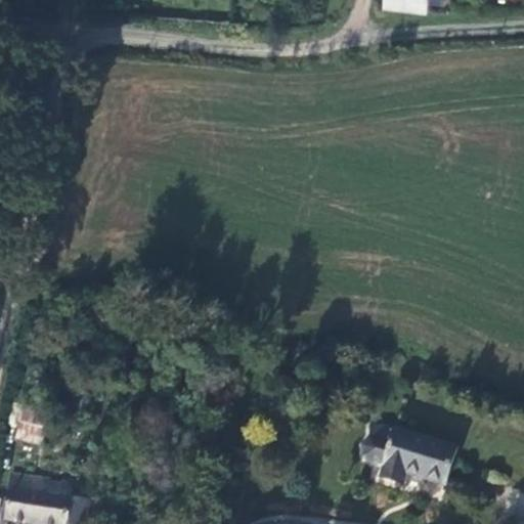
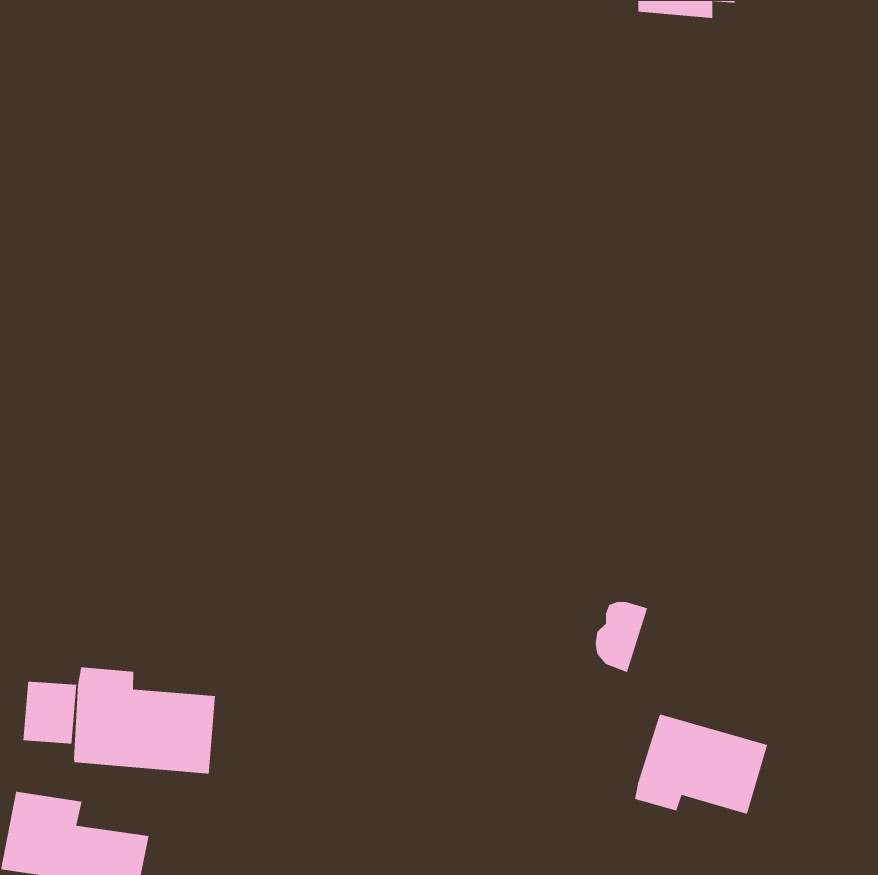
building: none -> [73,666,216,774]
building: [360,425,392,468] -> [595,601,648,673]

